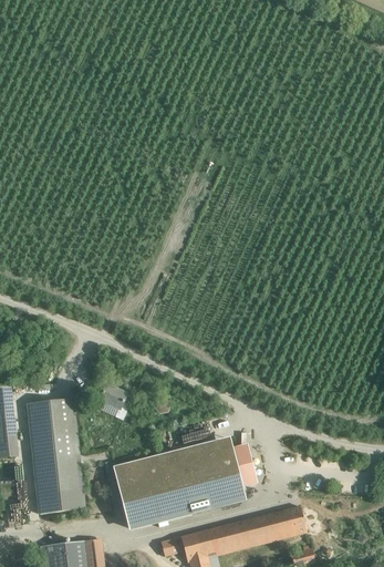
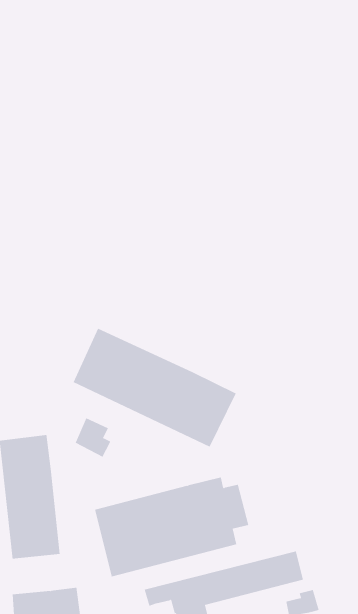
building: none -> [73,328,236,448]

